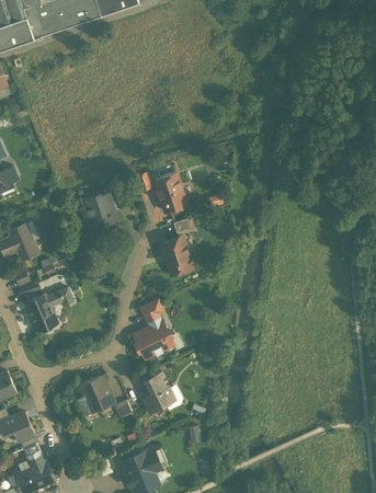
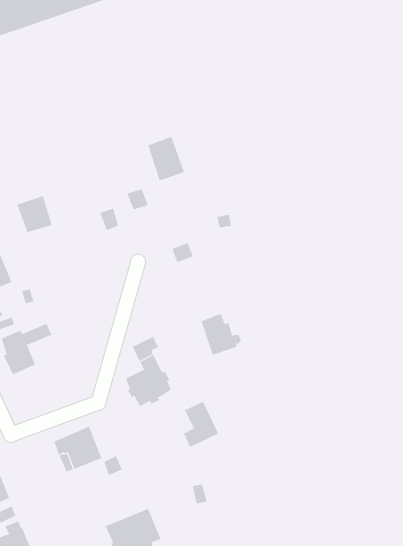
building: [155,172,186,210] -> [148,136,185,181]
building: [84,193,115,225] -> [17,196,53,233]
building: [161,237,196,273] -> [201,313,242,356]
building: [144,371,174,411] -> [183,401,219,447]

